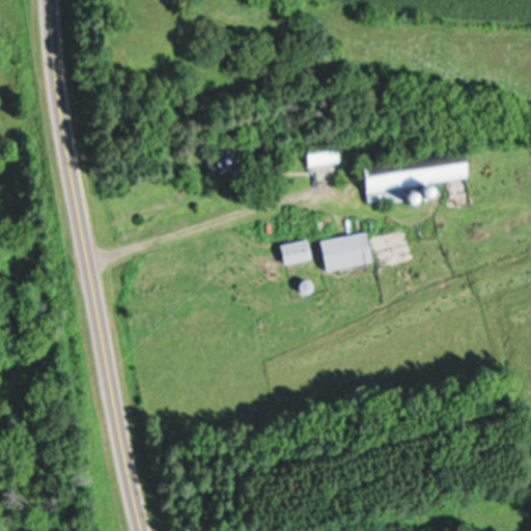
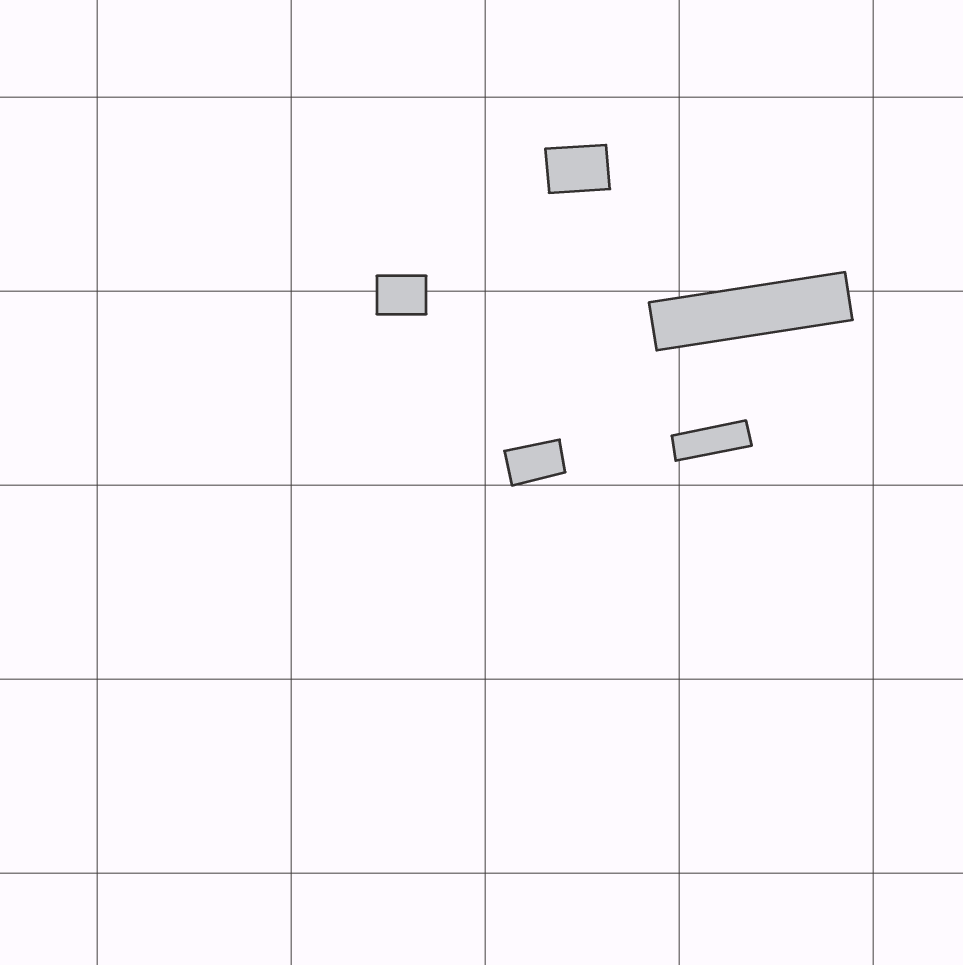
building: [307,141,342,167] -> [545,145,610,193]
building: [320,235,373,274] -> none

